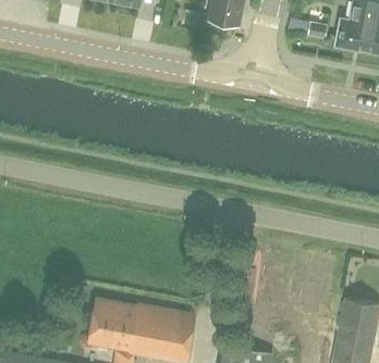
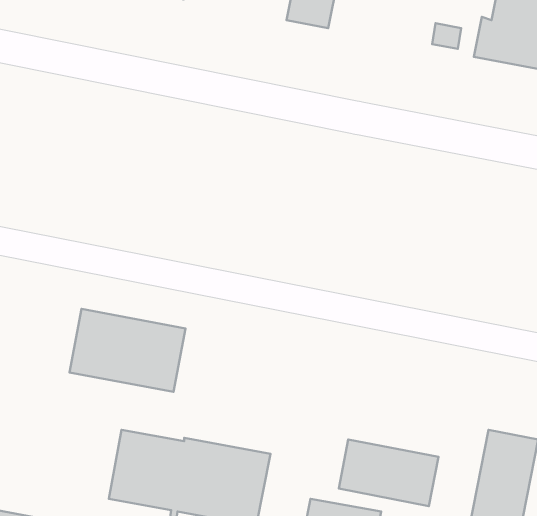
building: none -> [70,309,186,392]
building: none -> [339,439,438,506]

